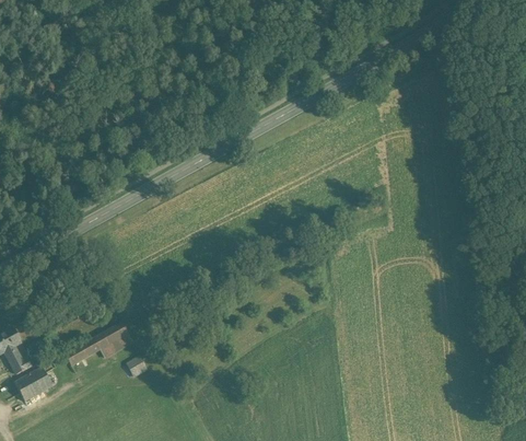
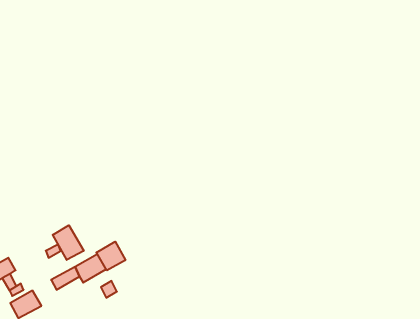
building: none -> [53,225,84,260]
building: none -> [96,242,125,270]

